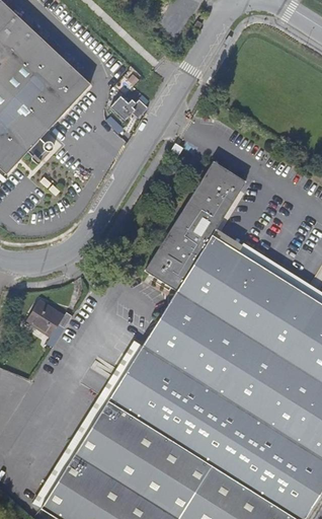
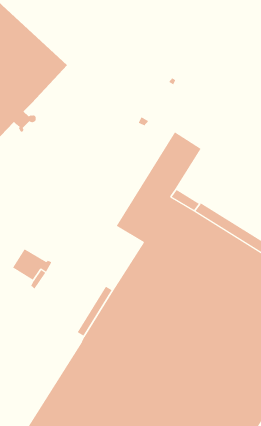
building: [110,96,149,122] -> none

